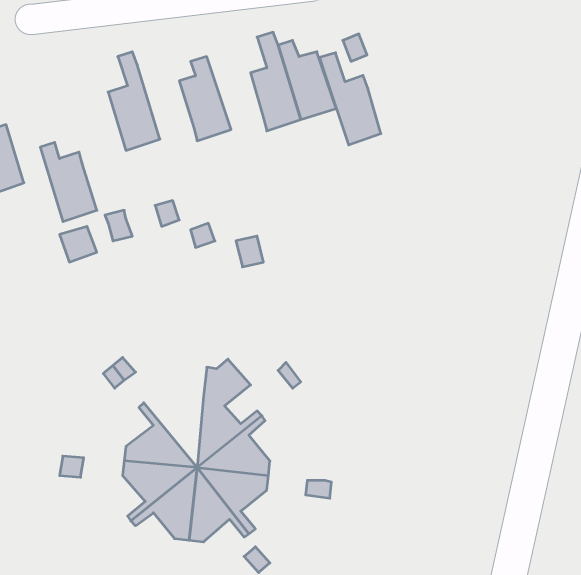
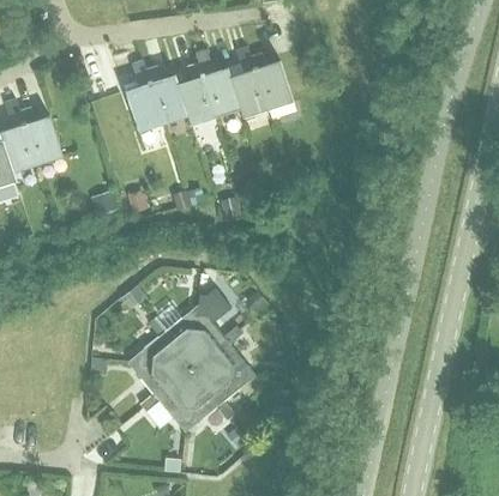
building: [319,53,381,145] -> [194,49,240,117]
building: [40,142,97,222] -> [146,66,188,125]
building: none -> [151,314,196,368]

